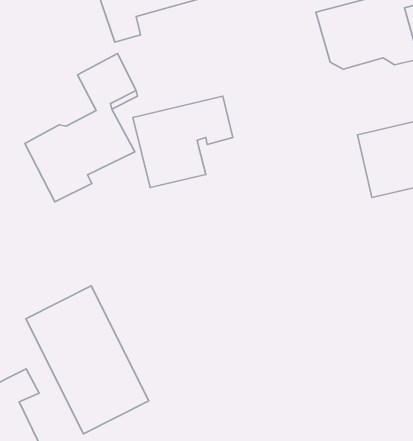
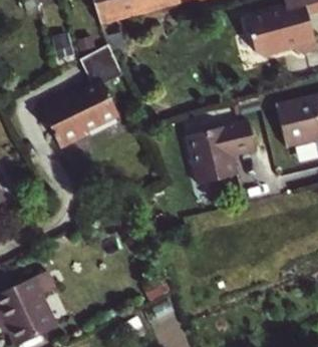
building: [133,96,233,187] -> [185,119,255,184]
building: [26,286,149,434] -> none

